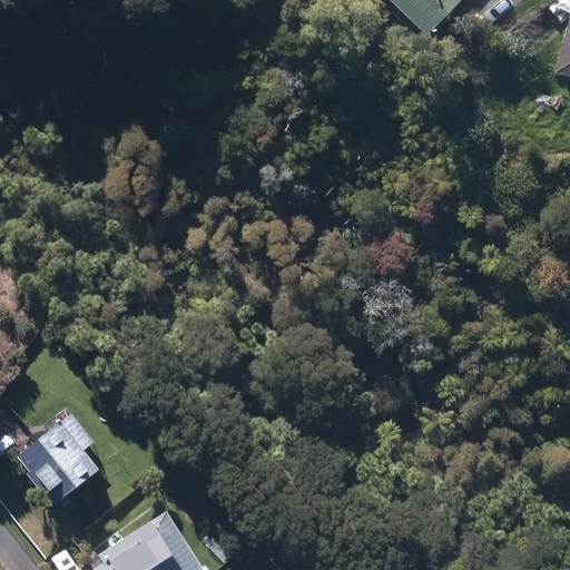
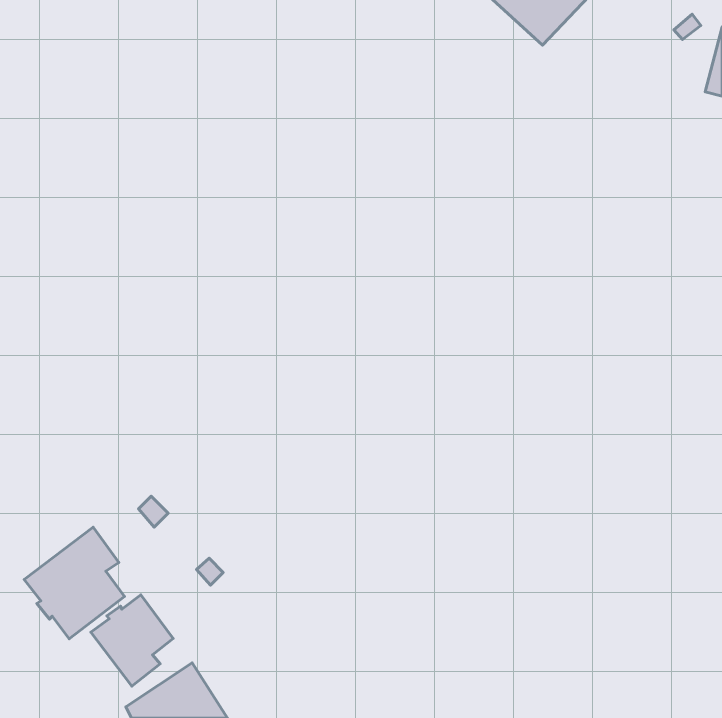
building: none -> [91,595,173,686]

